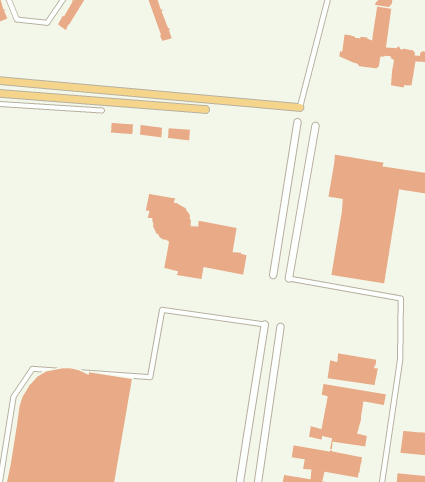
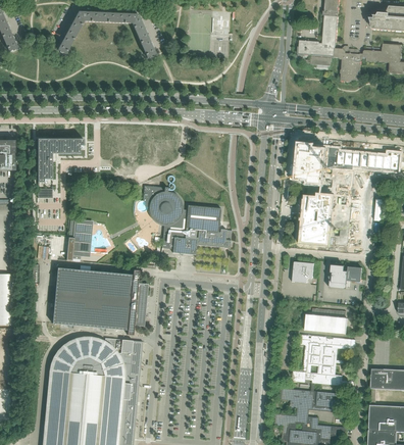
building: none -> [38,139,84,182]
building: none -> [66,219,92,260]
building: none -> [53,267,148,335]
building: none -> [292,261,314,282]
building: none -> [329,264,362,288]

